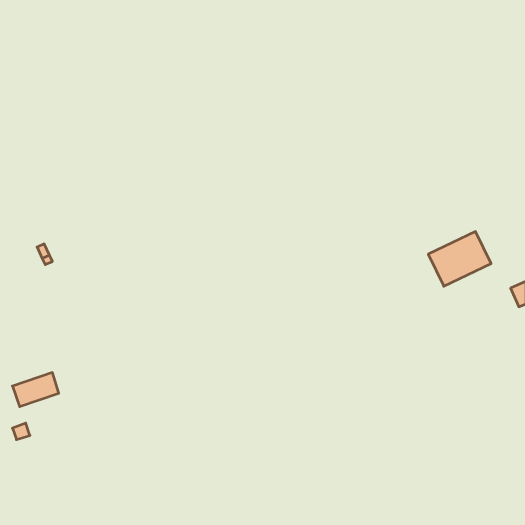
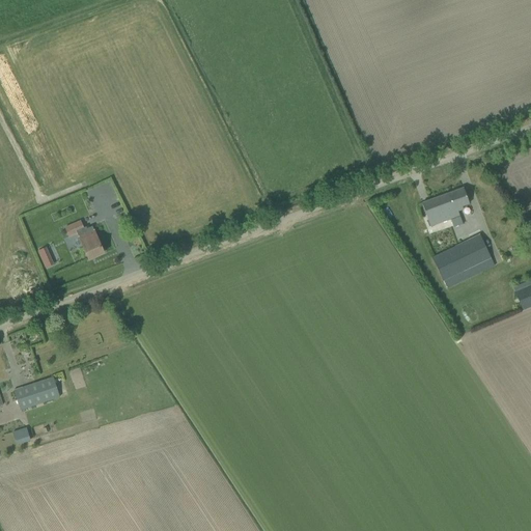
building: none -> [422,187,470,227]
building: none -> [66,219,105,258]

